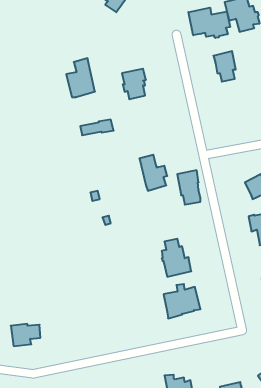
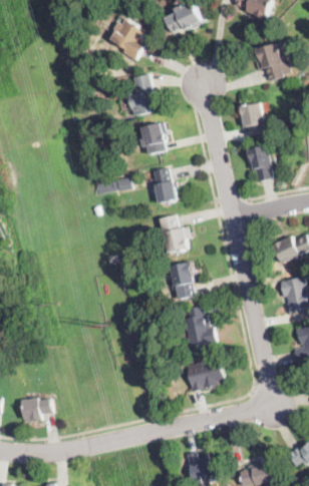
building: [188,8,230,38] -> none
building: [66,58,95,97] -> [125,74,157,116]
building: none -> [249,145,276,181]
building: none -> [152,167,177,203]
building: [177,170,200,205] -> [165,263,190,300]

